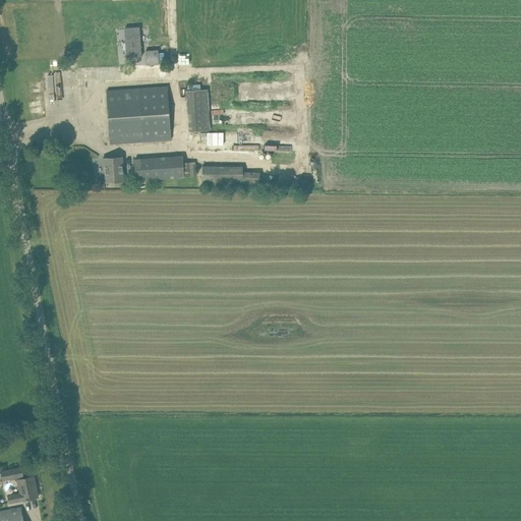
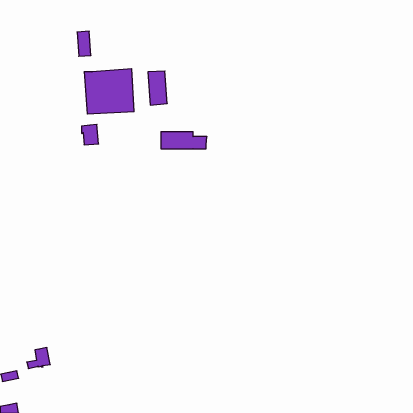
building: [125,26,142,58] -> [77,31,91,56]
building: [135,157,199,180] -> none
building: [8,476,38,503] -> [27,348,50,369]

